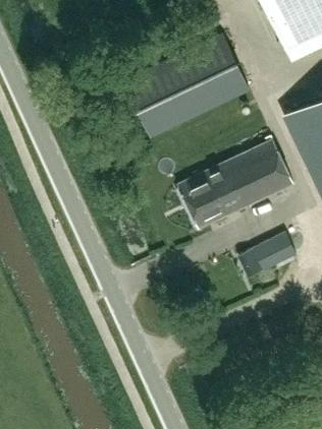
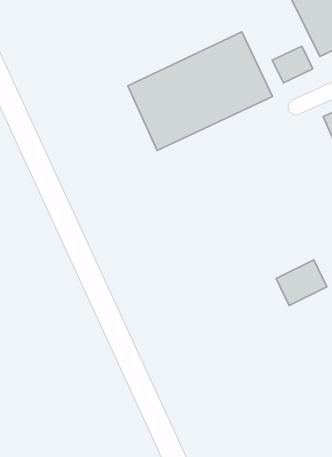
building: none -> [272,46,313,83]
building: [175,137,291,230] -> none

